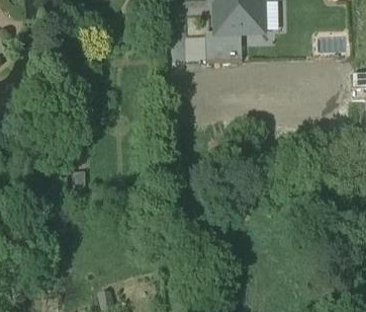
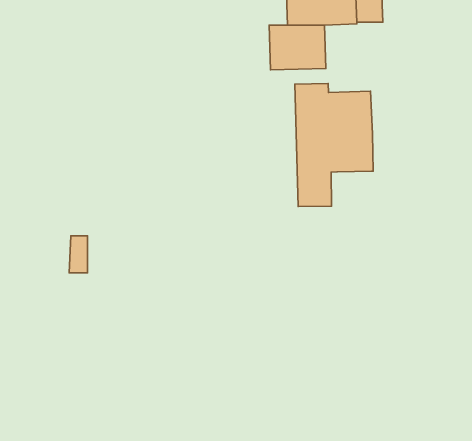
building: none -> [295,83,373,207]

